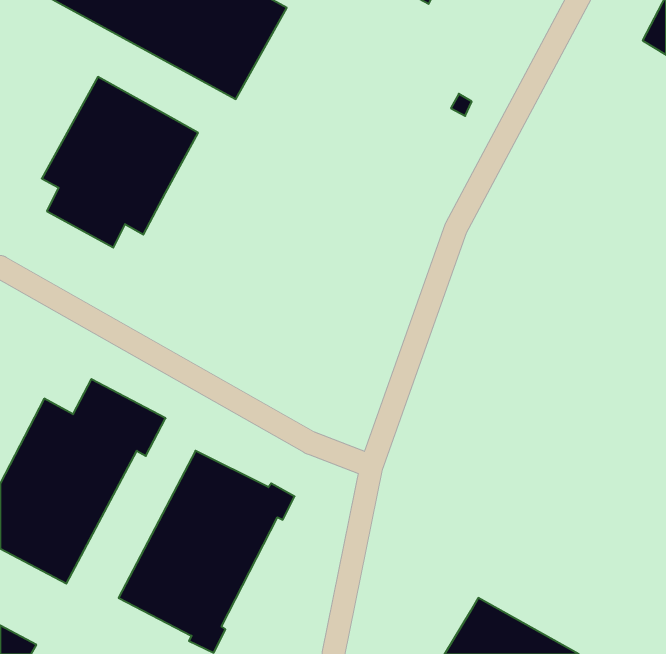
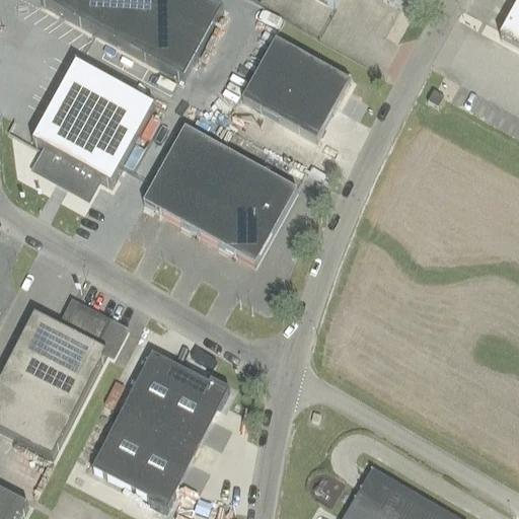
building: none -> [241,36,350,138]
building: none -> [143,125,297,262]

